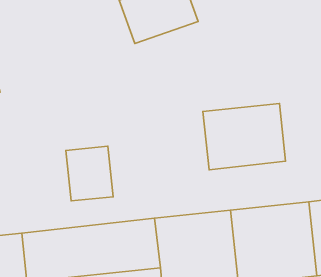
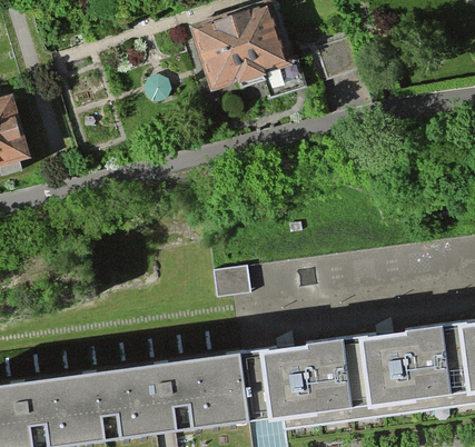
building: [203,103,286,170] -> none
building: [66,146,113,201] -> none

